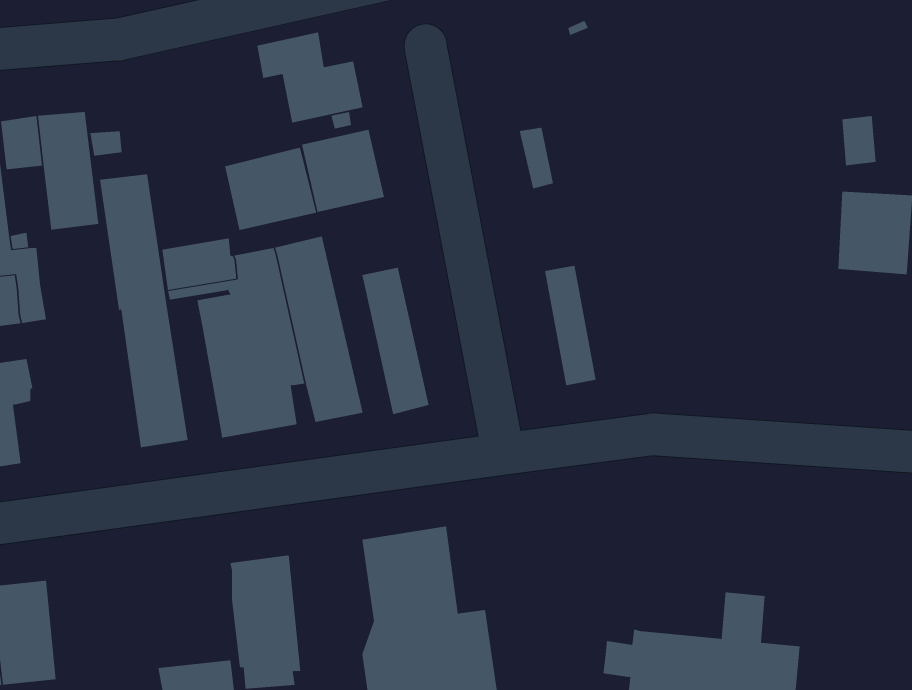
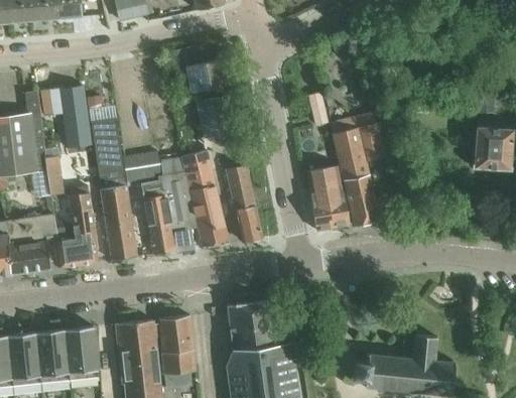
building: [225,147,317,231] -> none
building: none -> [330,116,388,226]
building: none -> [305,168,333,231]
building: none -> [55,186,98,267]
building: none -> [116,319,159,374]
building: none -> [63,325,99,380]

